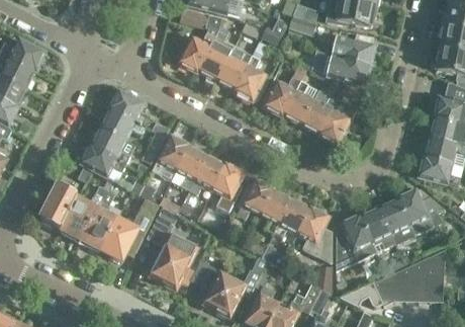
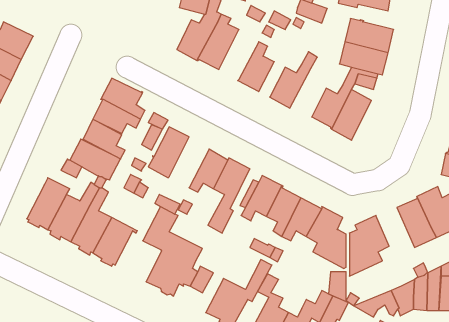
building: [216,44,253,89] -> none
building: [281,79,314,124] -> none
building: [171,142,207,188] -> none
building: [360,207,395,247] -> none

